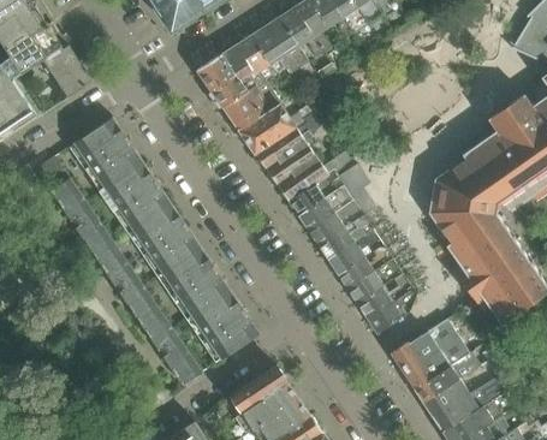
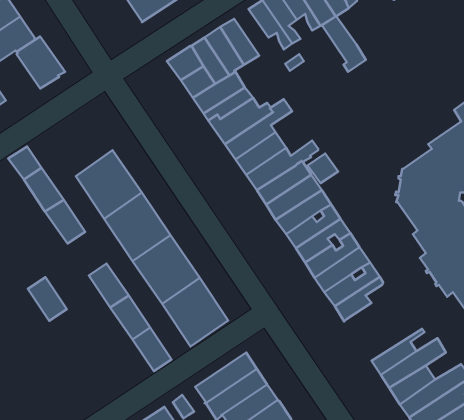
building: [264,17,309,73] -> [322,16,366,72]
building: [73,117,141,186] -> none
building: [95,243,135,287] -> [28,277,67,321]
building: [388,321,456,374] -> none

